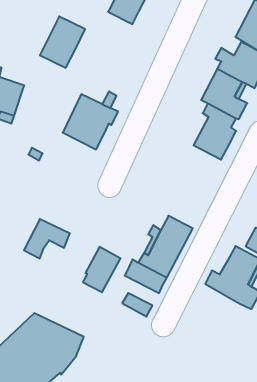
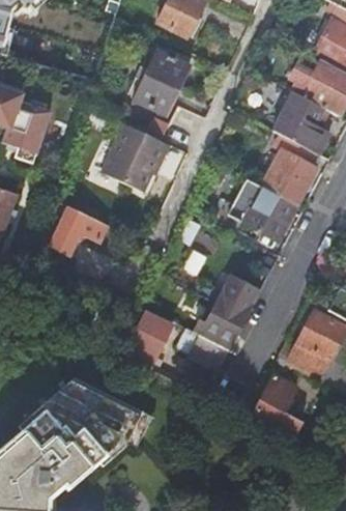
building: [40,16,85,68] -> [134,50,190,113]
building: none -> [243,186,297,239]
building: [24,219,70,259] -> [51,205,108,254]
building: none -> [250,375,301,443]

